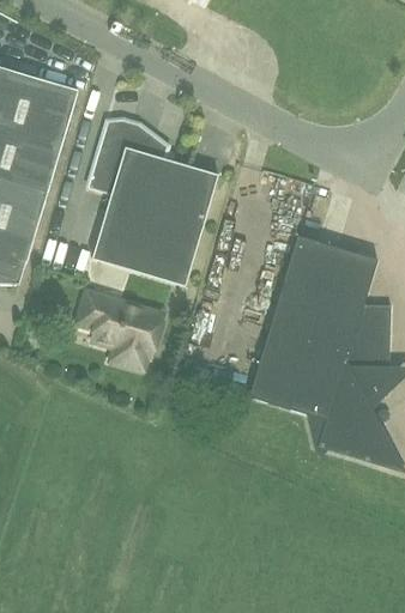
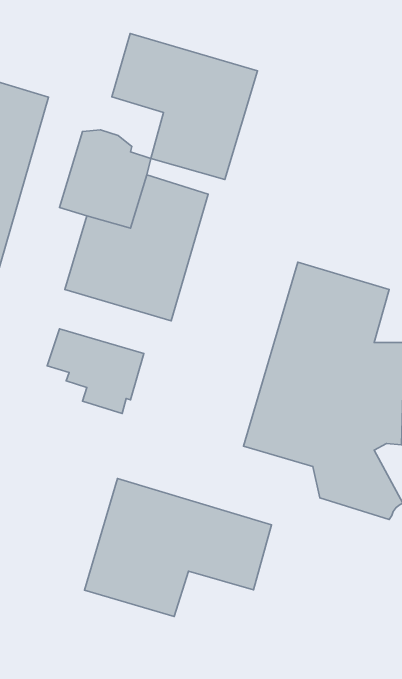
building: none -> [112,33,257,180]
building: none -> [84,479,272,616]

